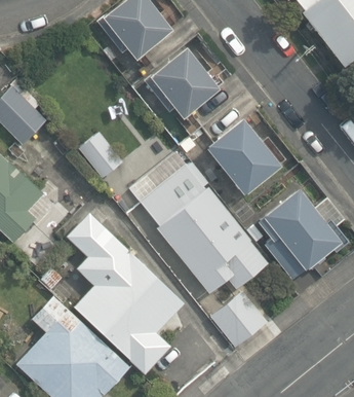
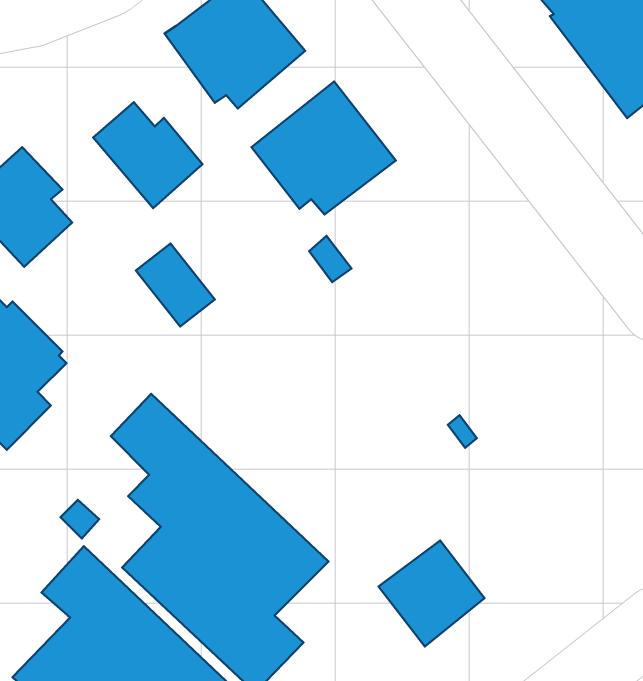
building: none -> [93,102,202,208]
building: [204,119,279,195] -> none
building: [130,151,268,294] -> none
building: [257,188,346,281] -> none

